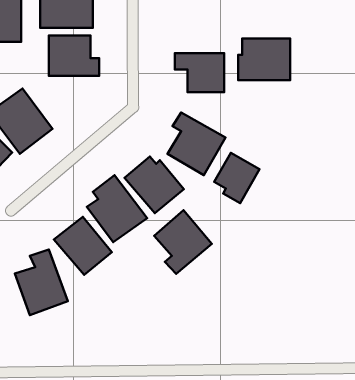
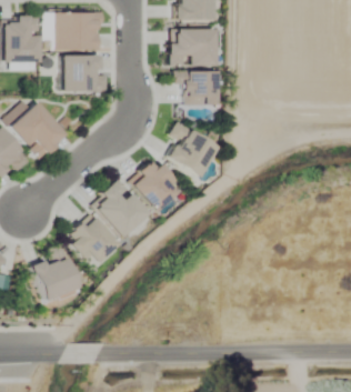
building: [238,39,290,80] -> [171,29,217,66]
building: [214,153,260,203] -> none
building: [154,210,212,274] -> none

